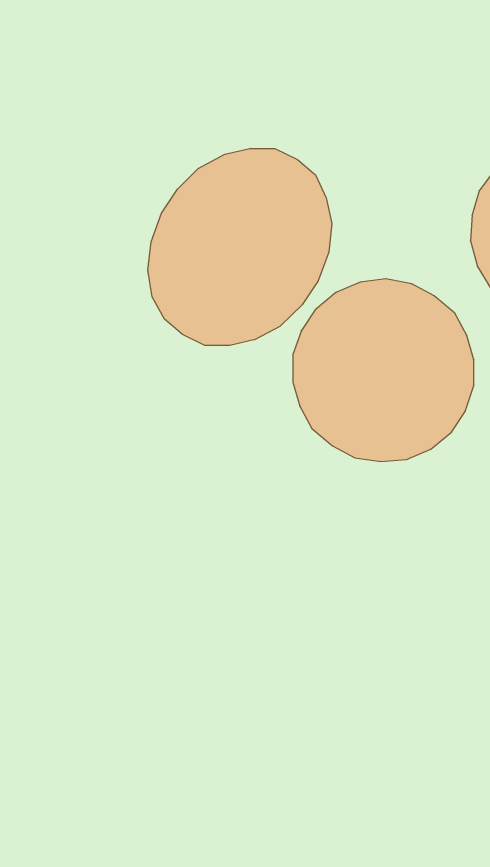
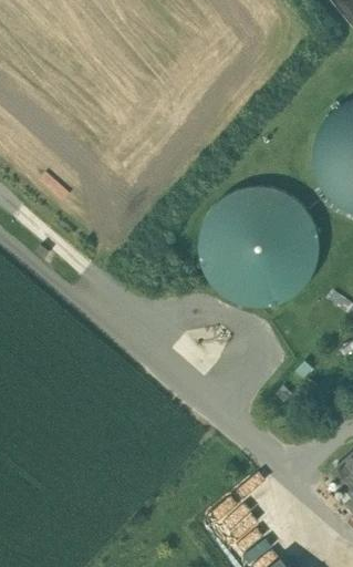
building: [148,148,332,345] -> none

